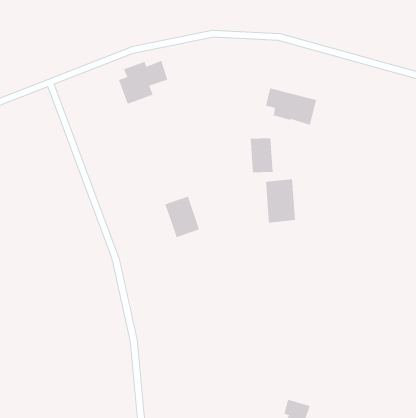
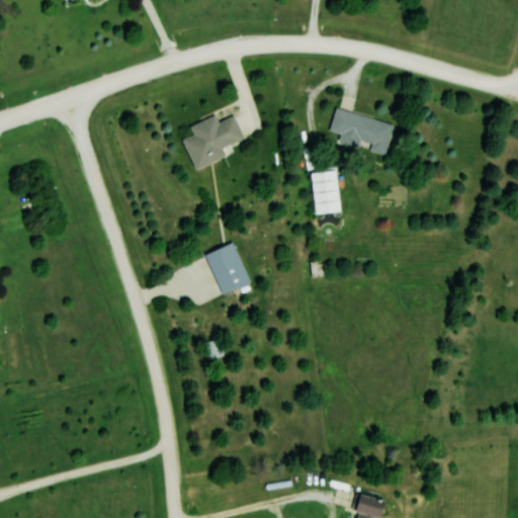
building: [118,60,168,105] -> [183,115,245,170]
building: [266,178,296,223] -> none

